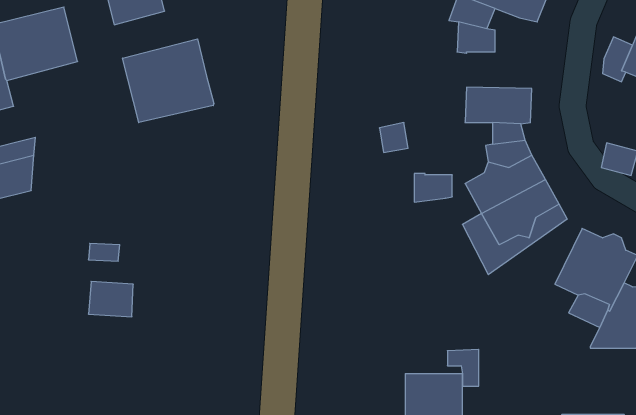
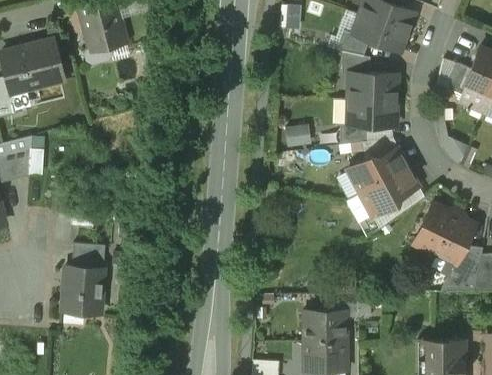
building: [123,39,214,123] -> none
building: none -> [349,73,397,100]
building: [414,174,452,202] -> [340,124,368,145]
building: none -> [62,266,103,313]

